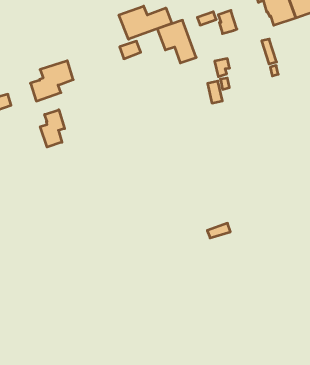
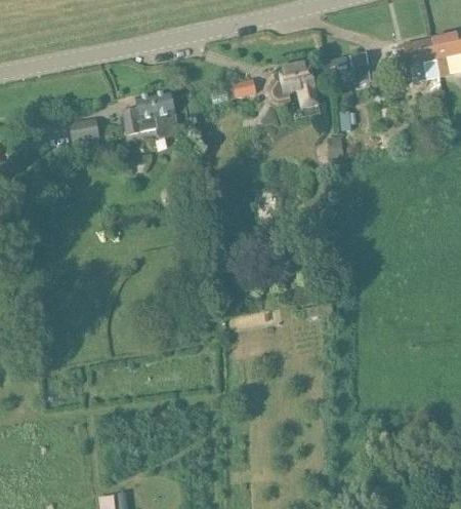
building: [119,6,172,39] -> none
building: [40,110,65,147] -> none

